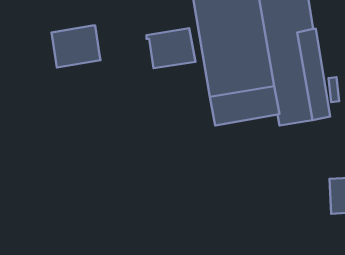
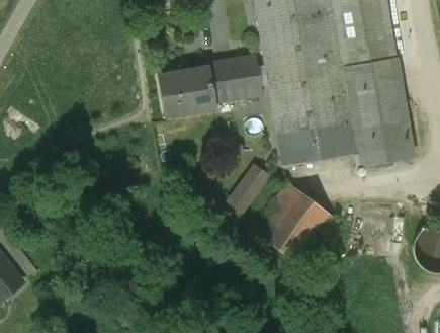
building: [51,25,101,67] -> [160,67,215,114]
building: none -> [229,161,271,212]
building: none -> [255,184,337,264]

